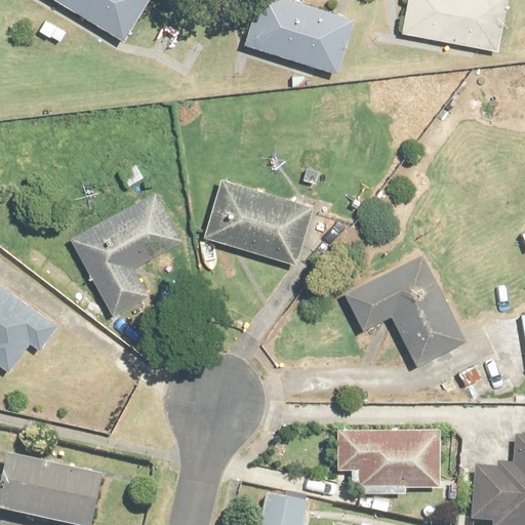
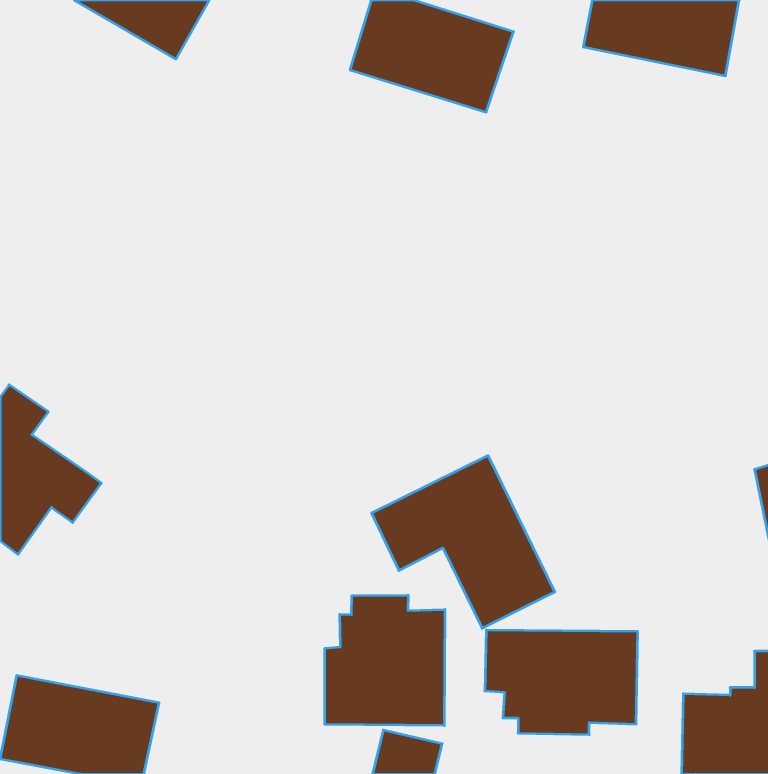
building: [213,178,324,268] -> none
building: [80,188,195,315] -> none
building: [339,251,463,368] -> [372,456,555,628]
building: none -> [325,595,445,726]

